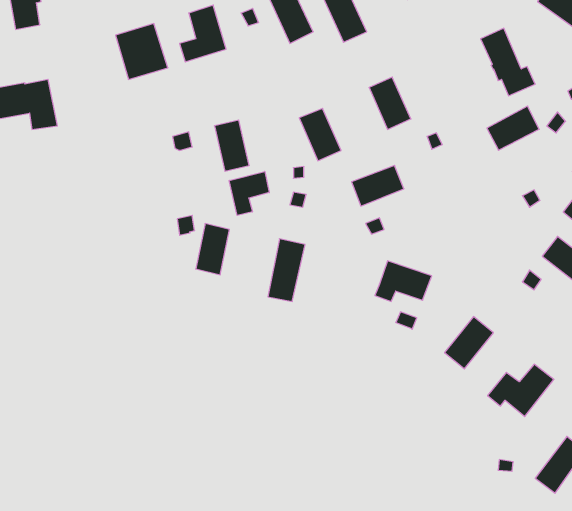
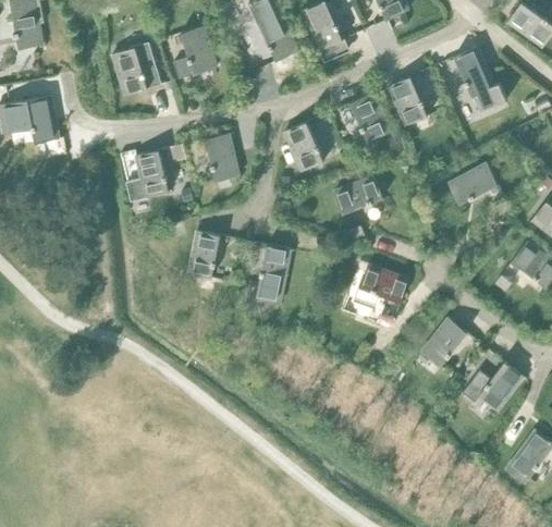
building: none -> [388,77,427,126]
building: [487,106,539,150] -> [447,163,496,205]
building: none -> [125,150,168,203]
building: [229,171,269,215] -> none

